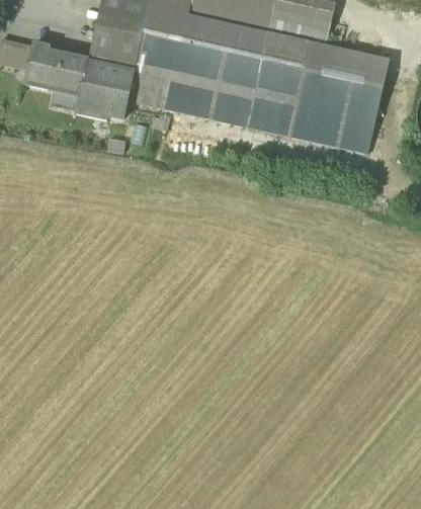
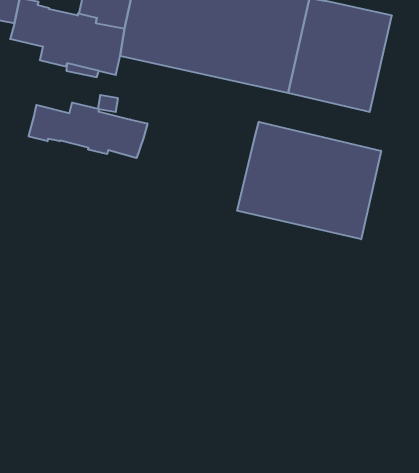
building: none -> [29,103,147,158]
building: none -> [237,122,381,239]

